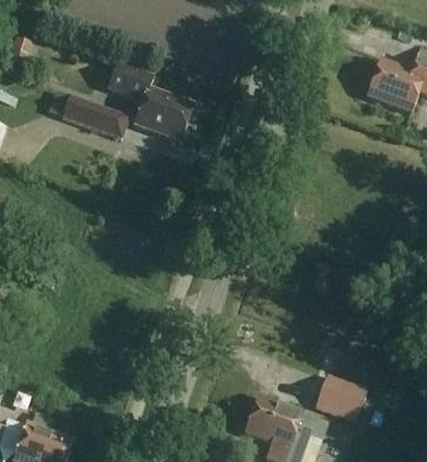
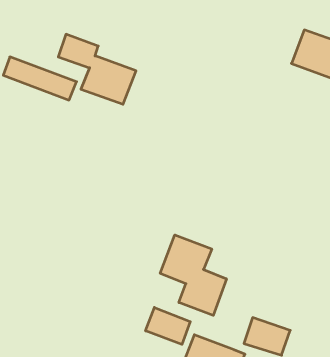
building: none -> [160,235,226,315]
building: none -> [146,307,190,344]

